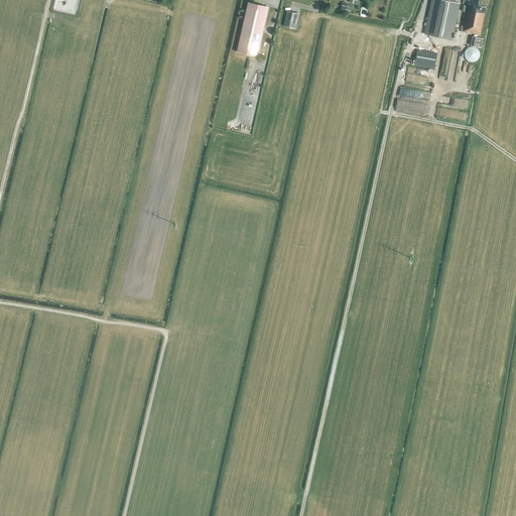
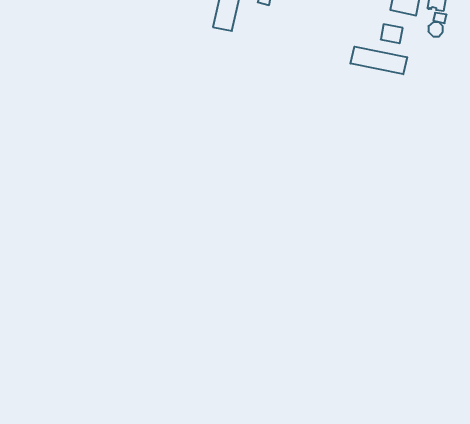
building: none -> [350,47,407,74]

